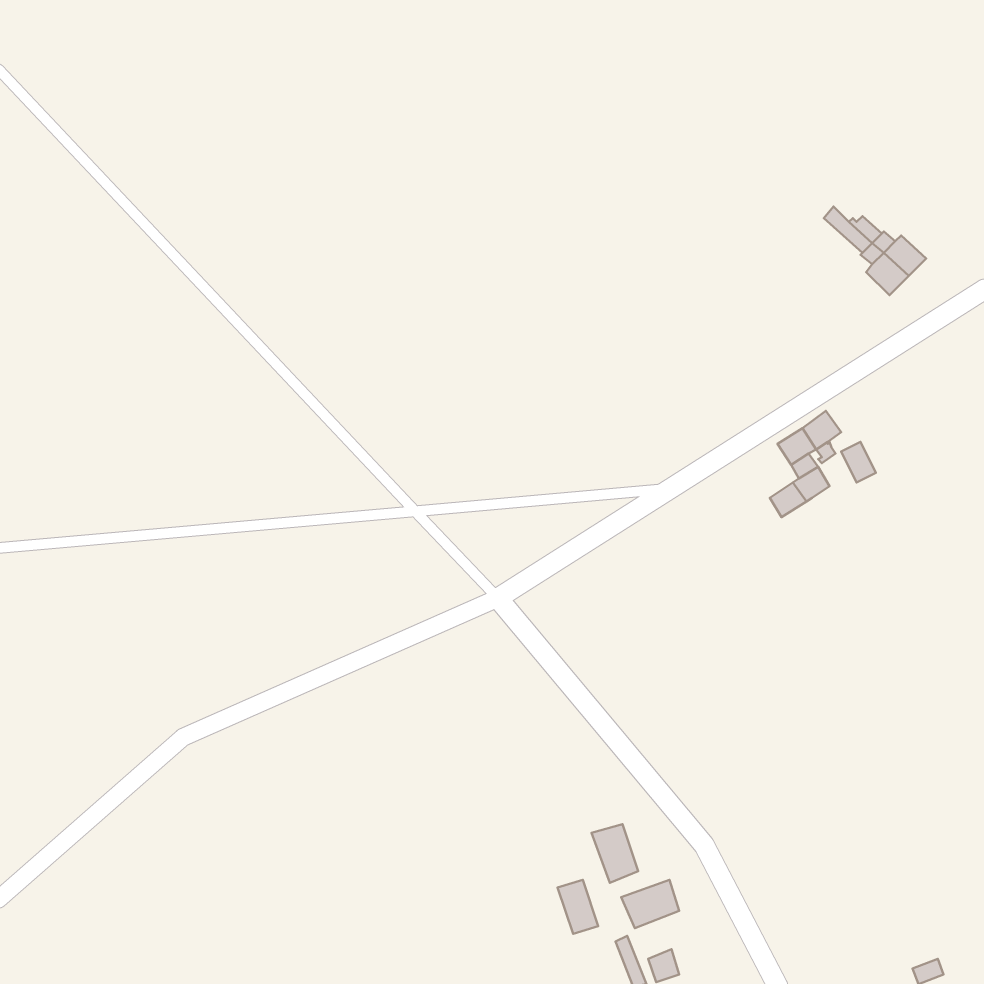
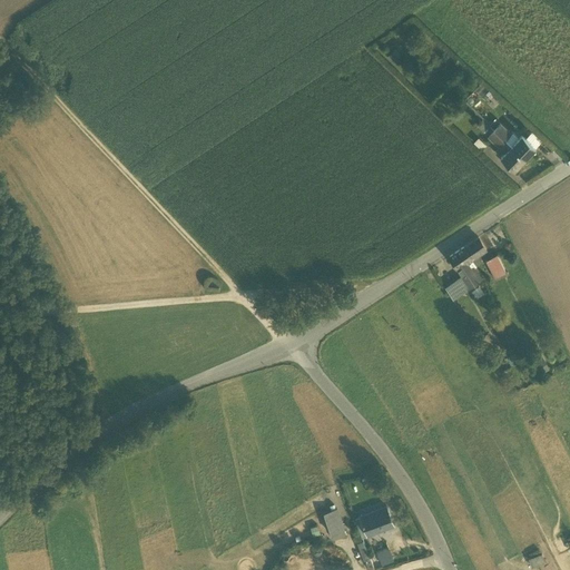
building: [592,824,638,883] -> none

